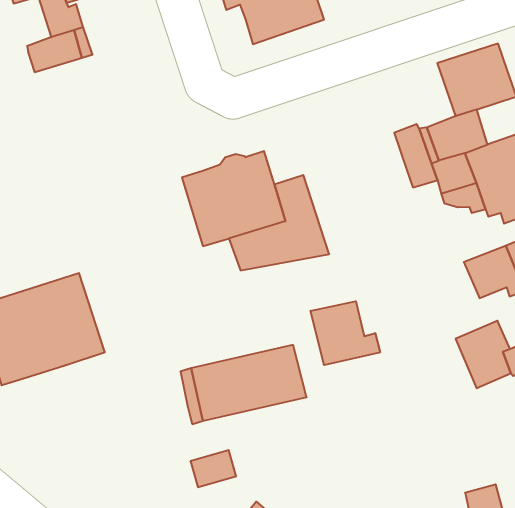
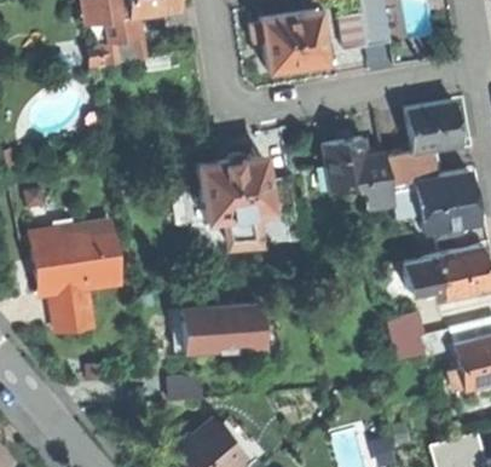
building: none -> [323,139,371,192]
building: [311,301,380,365] -> none
building: none -> [57,292,96,334]

